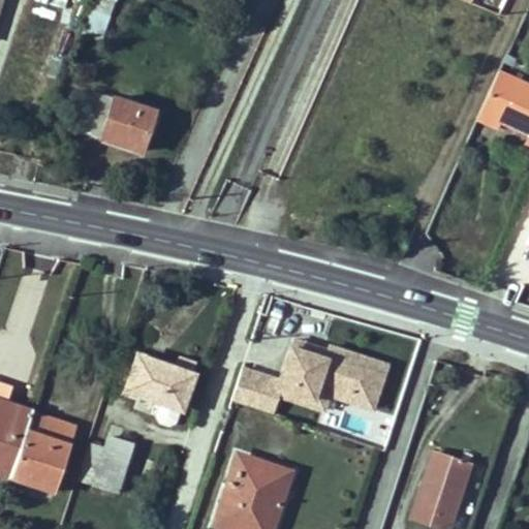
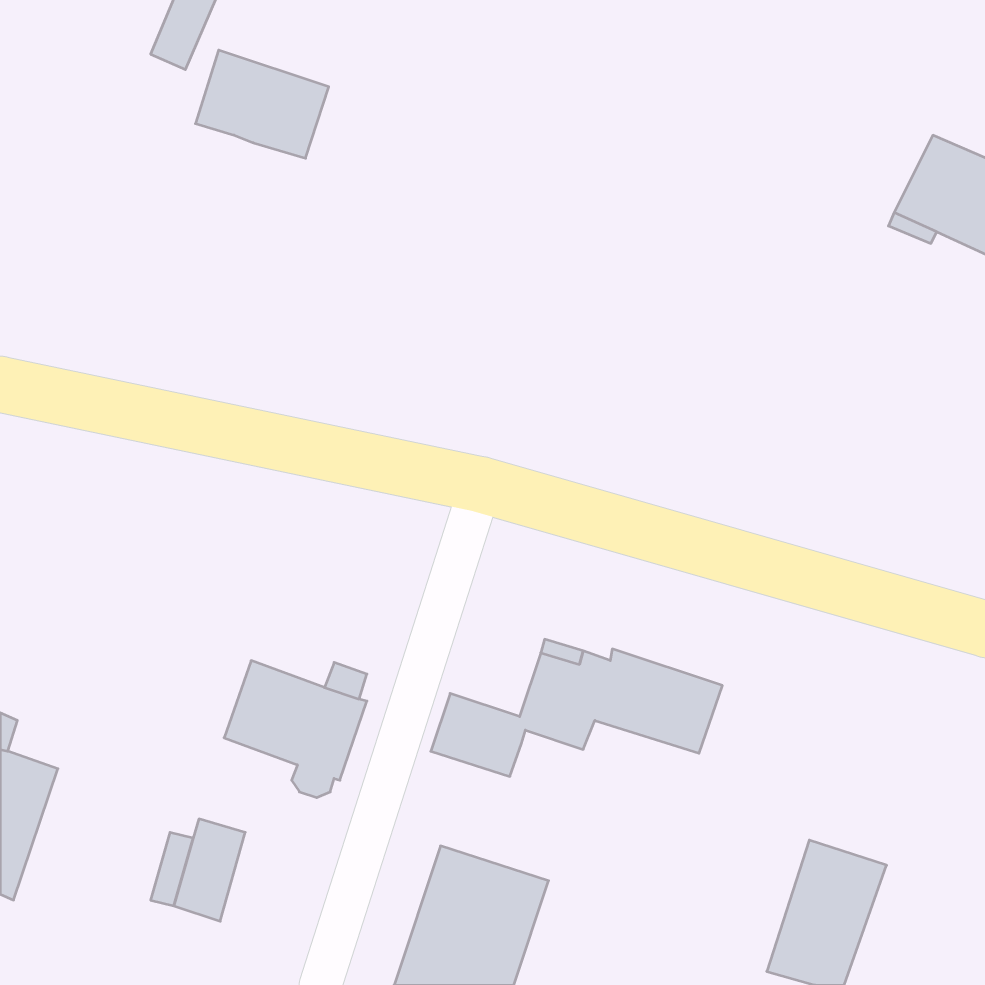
building: [83,90,154,148] -> [195,50,329,158]
building: [280,385,375,412] -> none
building: [8,411,76,497] -> none

